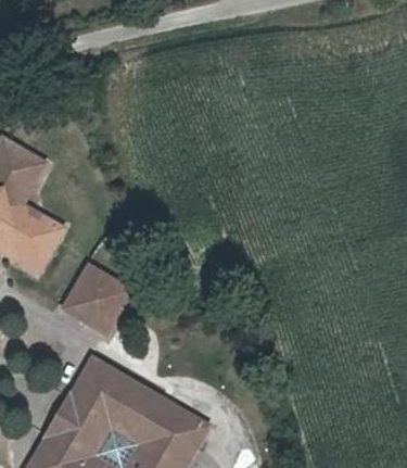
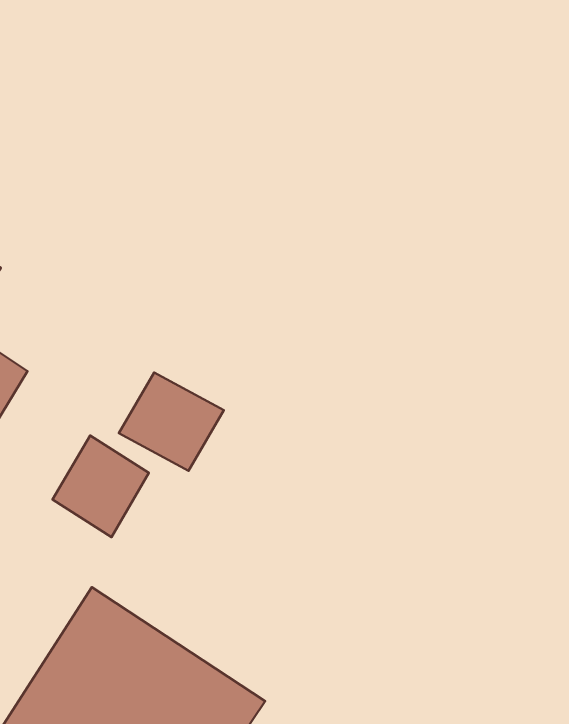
building: none -> [119,372,224,471]

